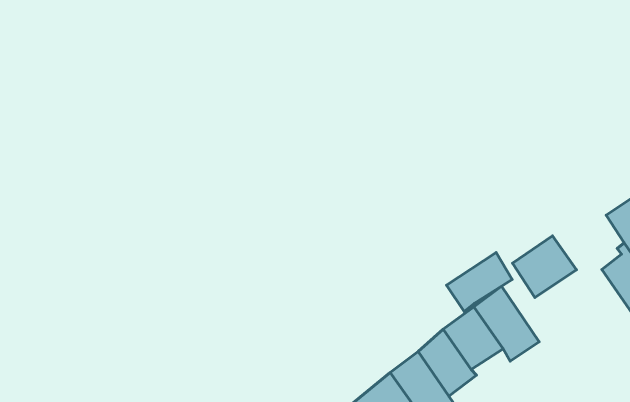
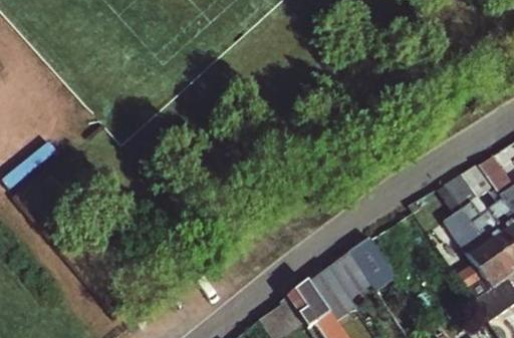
building: [513,236,577,298] -> none
building: [447,252,512,311] -> none

